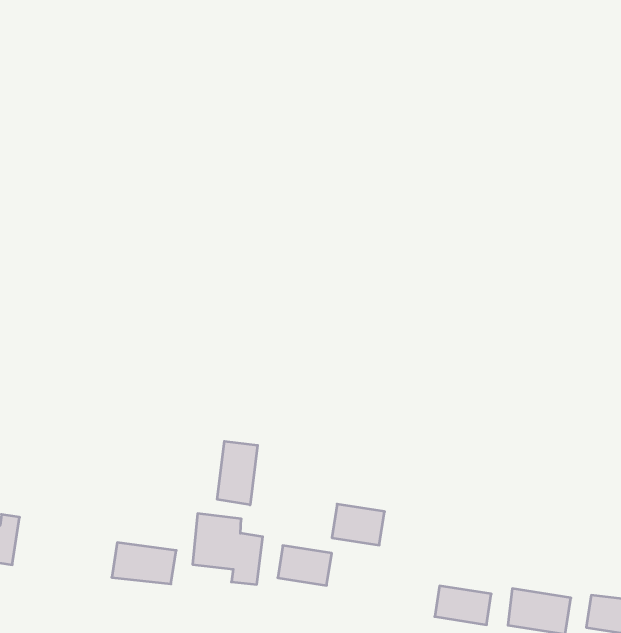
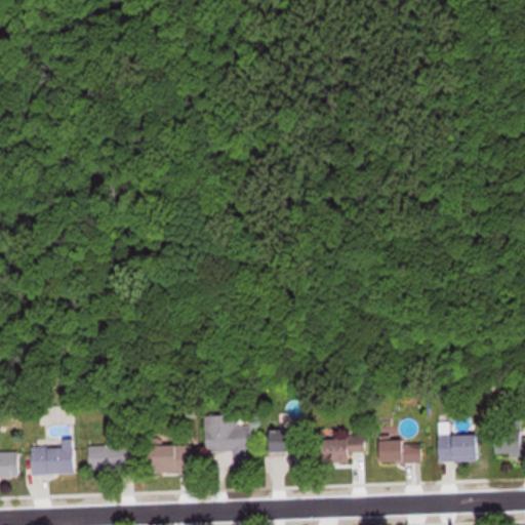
building: [217,441,258,505] -> none
building: [332,504,385,545] -> [322,438,357,462]
building: none -> [85,446,131,473]

